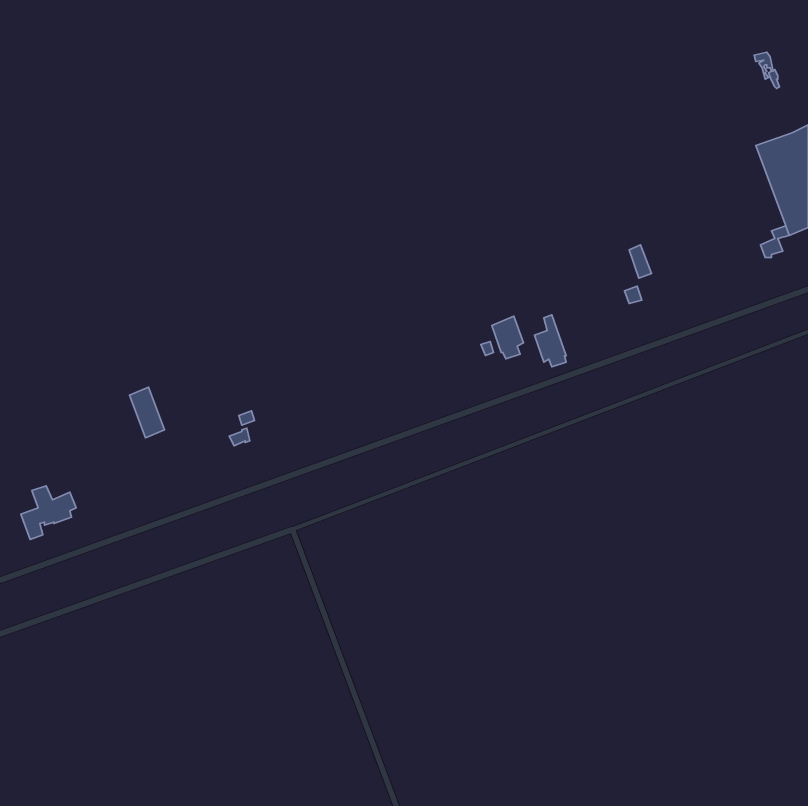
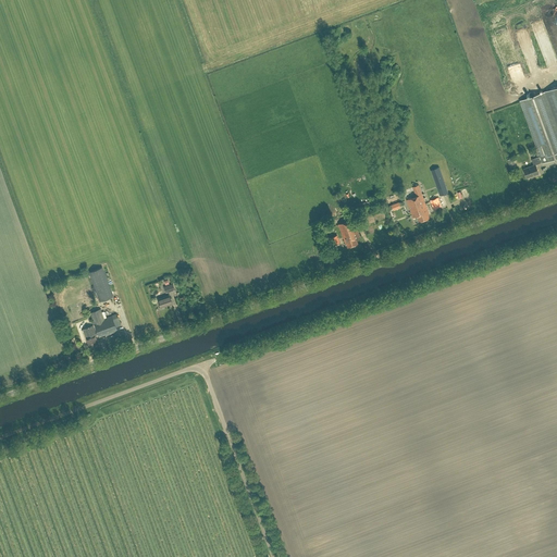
building: [535,315,566,367] -> [407,186,429,222]
building: [21,486,76,539] -> [83,310,121,347]

